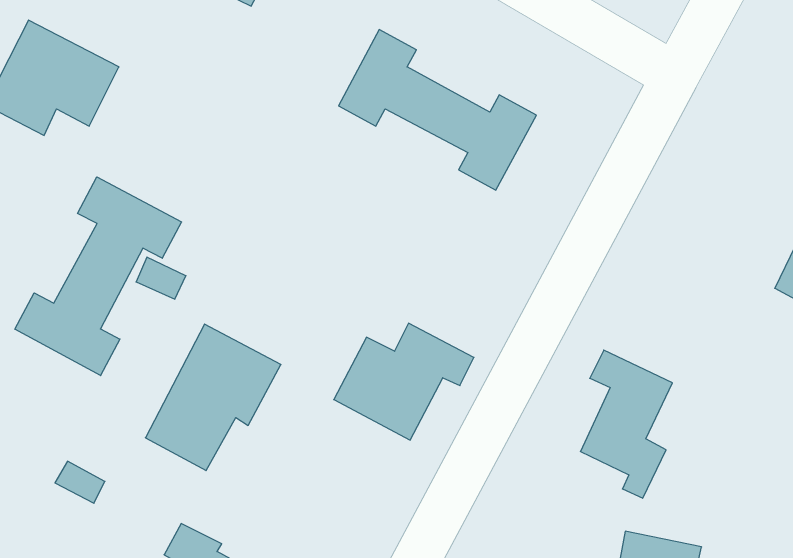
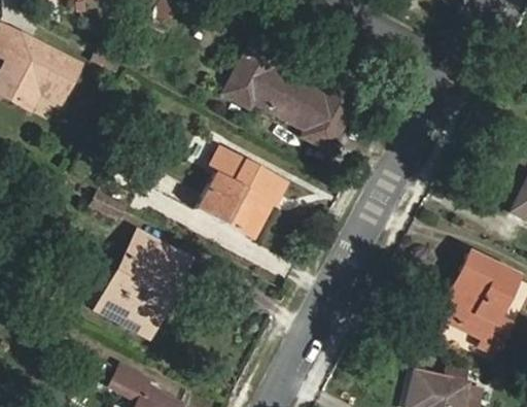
building: [15,177,182,376] -> none
building: [334,323,474,440] -> [195,159,287,236]
building: [580,350,672,498] -> [454,253,515,351]

